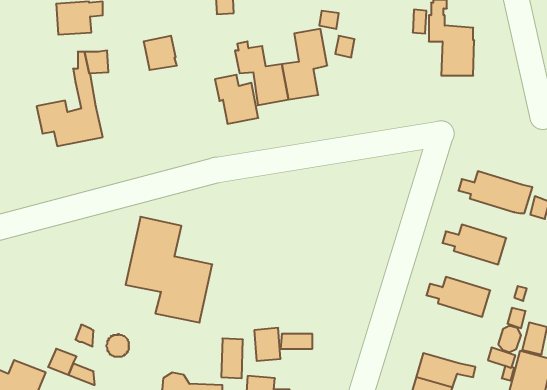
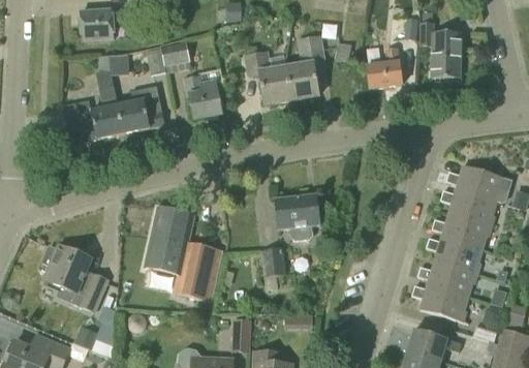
building: none -> [366,48,402,89]
building: [215,75,258,124] -> [182,74,221,119]
building: none -> [117,86,164,133]
building: none -> [440,189,496,225]
building: none -> [273,194,320,241]
building: none -> [426,237,481,273]
building: none -> [40,244,110,312]
building: none -> [411,284,467,321]
building: [254,328,281,361] -> [260,247,284,277]

